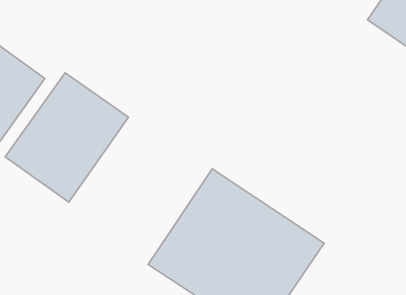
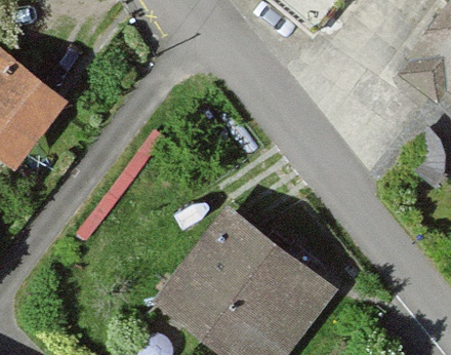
building: [5,73,129,202] -> none

